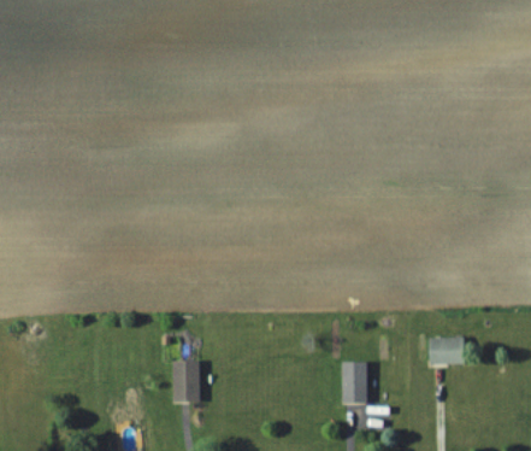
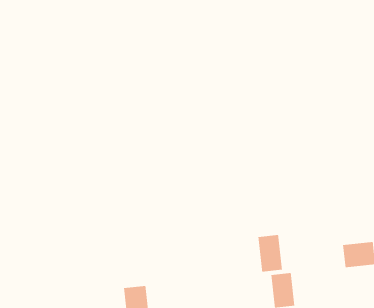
building: none -> [258,234,282,273]

